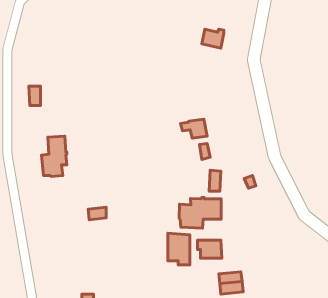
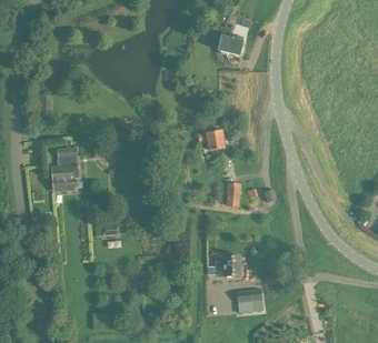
building: [179,197,221,228] -> none
building: [168,233,190,265] -> none

